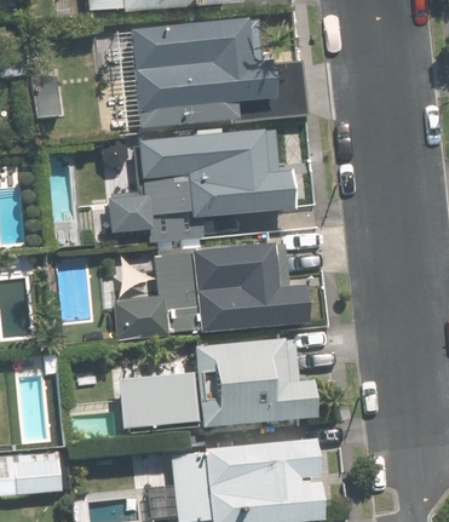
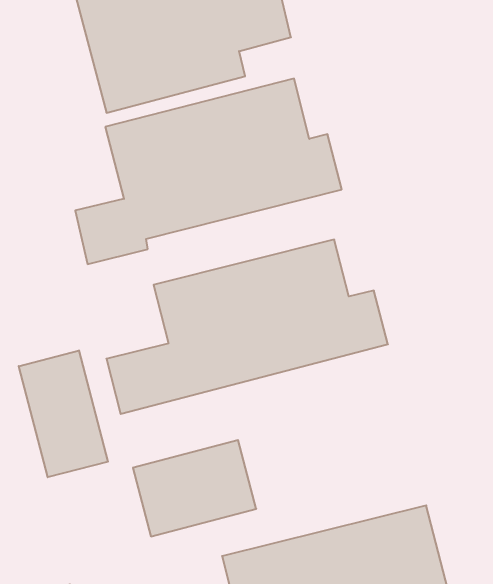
building: none -> [19,350,108,477]
building: [195,337,316,426] -> none

